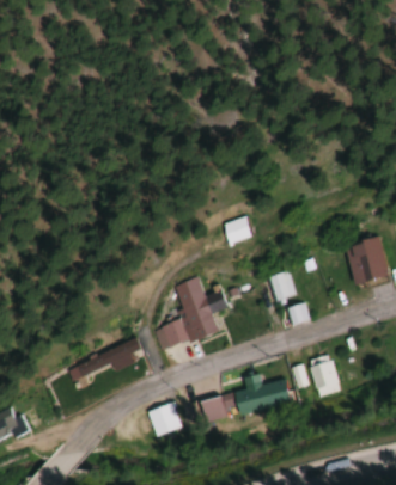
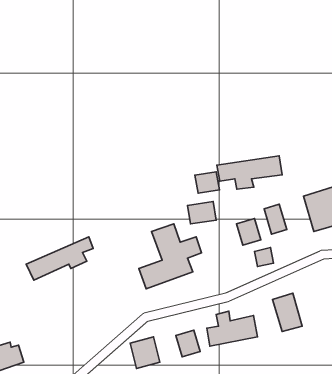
building: none -> [217,156,282,189]
building: none -> [187,201,216,224]
building: none -> [264,204,287,234]
building: [66,337,141,386] -> [26,237,93,280]

